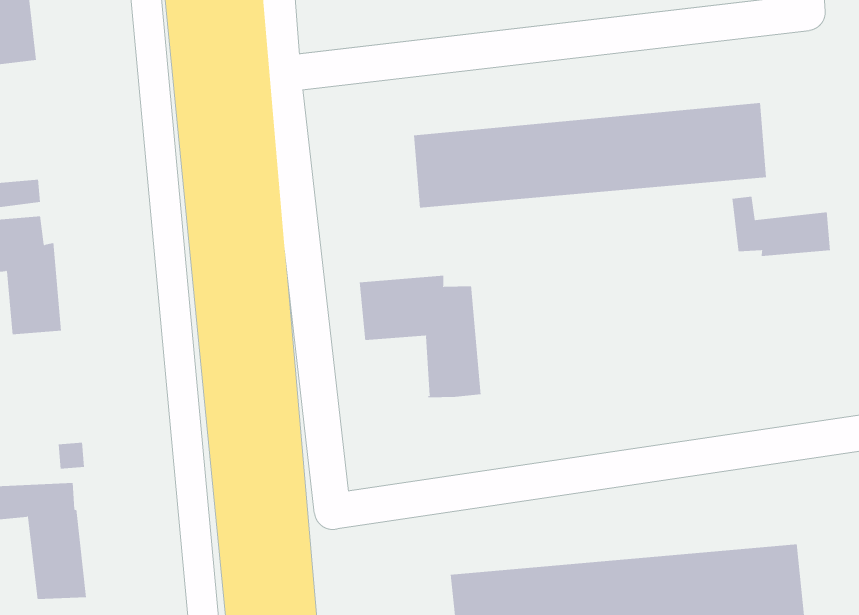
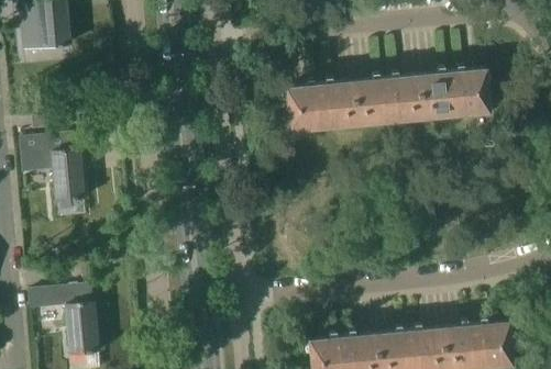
building: [732,196,830,257] -> none
building: [359,275,481,398] -> none

